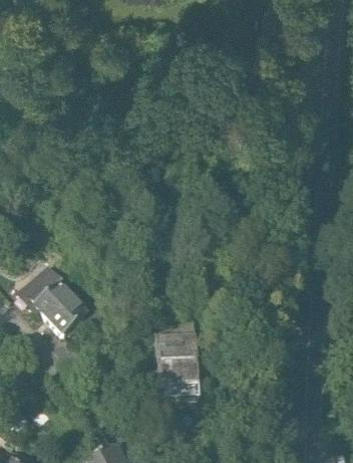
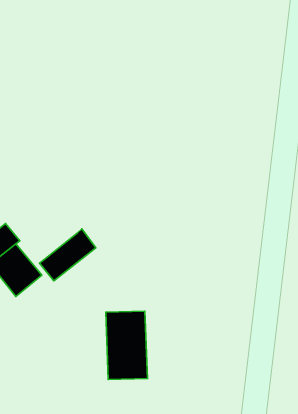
building: none -> [39,229,96,281]

